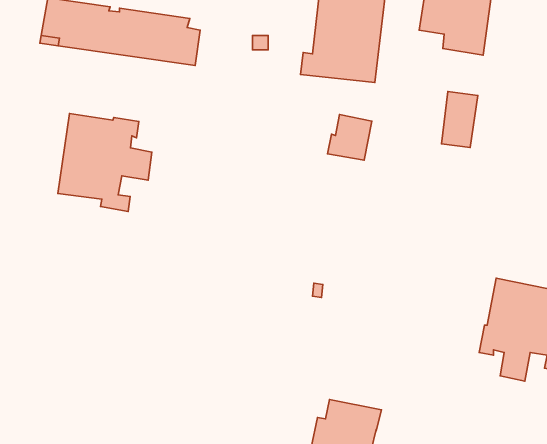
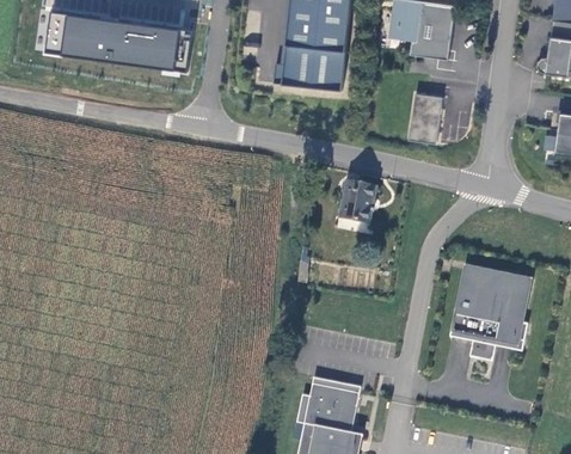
building: [58,113,152,211] -> none
building: [328,115,372,160] -> [333,180,374,222]

